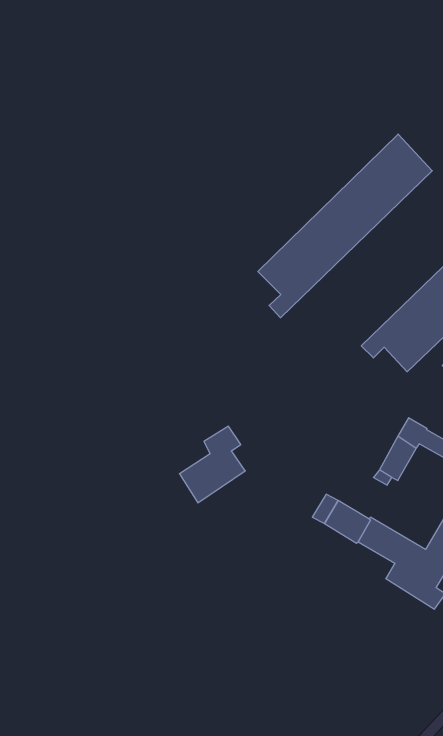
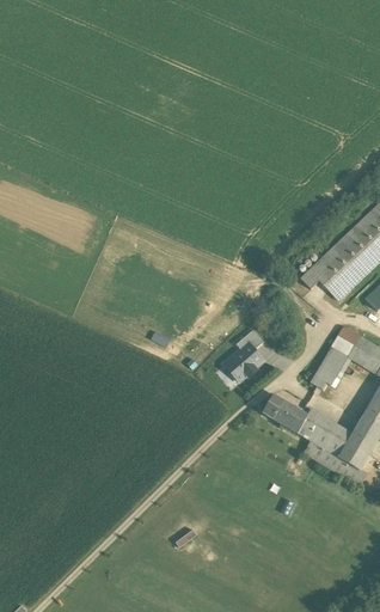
building: [258,134,432,318] -> none
building: [179,426,245,503] -> [216,328,268,387]

